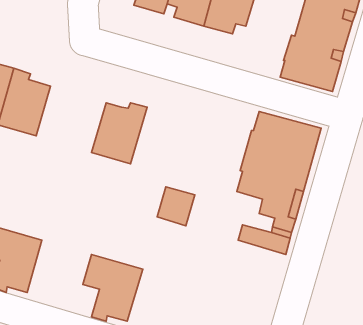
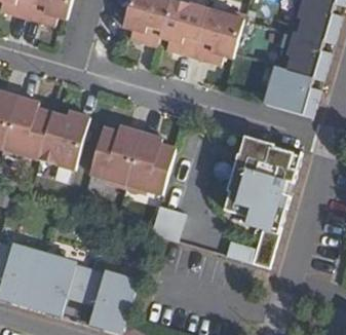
building: none -> [38,112,89,169]
building: none -> [125,132,175,194]
building: none -> [30,255,89,317]

